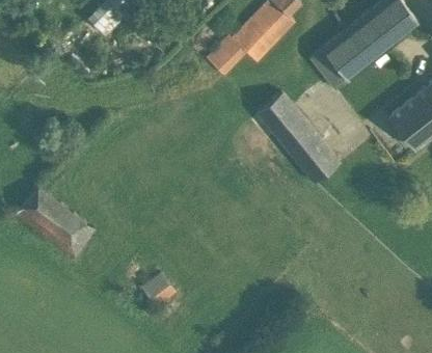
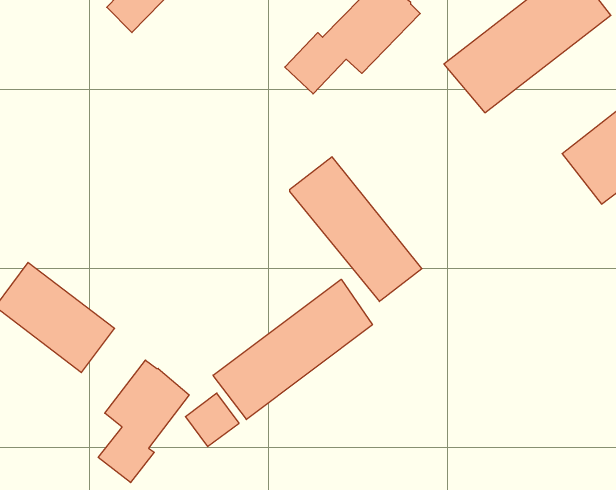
building: [256,90,344,186] -> [290,157,422,302]
building: none -> [213,279,372,420]
building: none -> [98,360,189,483]

